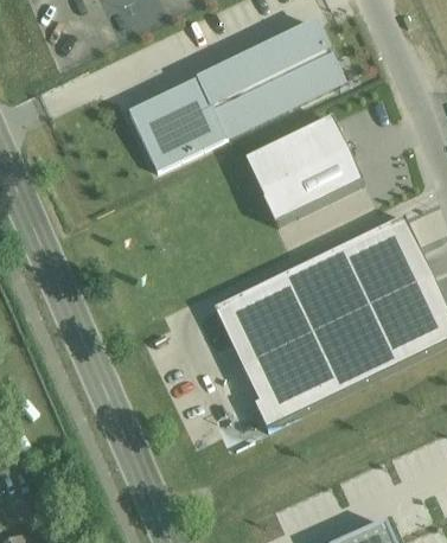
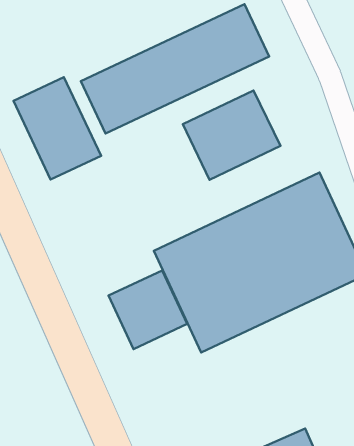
building: none -> [13,77,101,180]
building: none -> [108,270,187,349]

